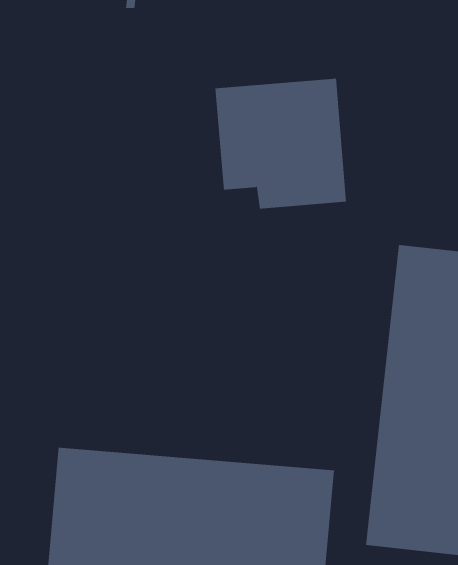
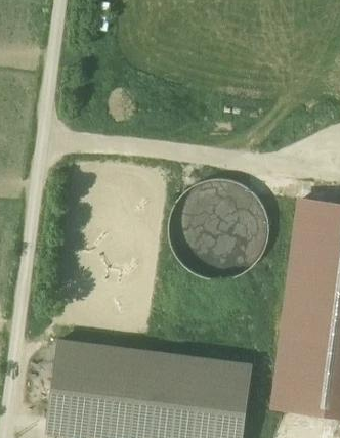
building: [215,78,347,209] -> [173,183,267,276]

